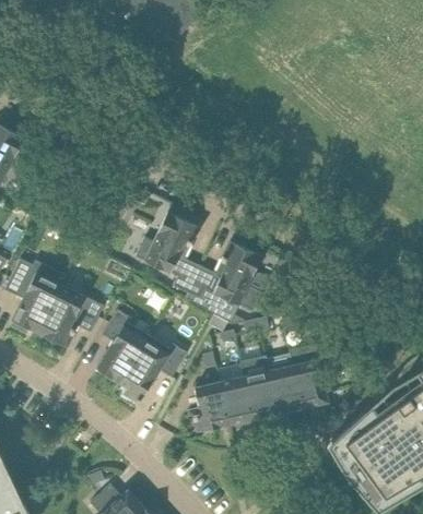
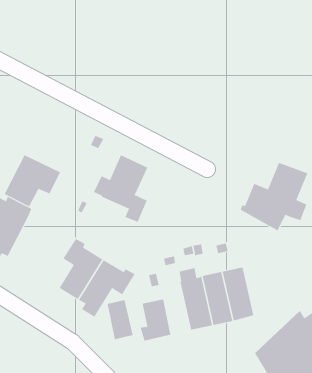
building: [185,240,266,322] -> [240,162,308,231]
building: [36,285,104,347] -> [4,155,61,207]
building: [221,376,252,425] -> [107,299,133,340]

